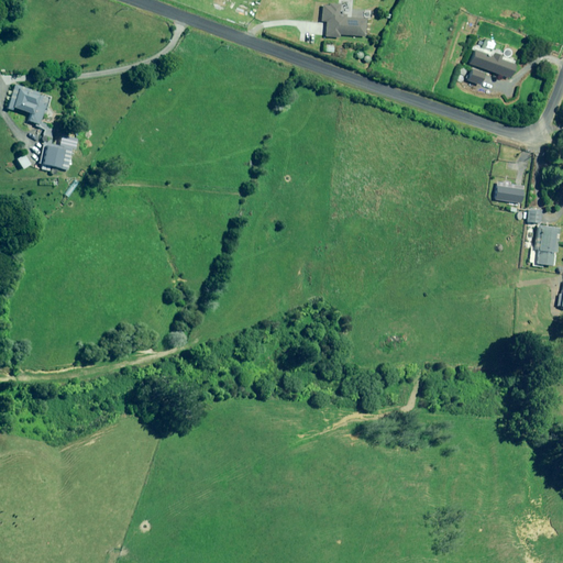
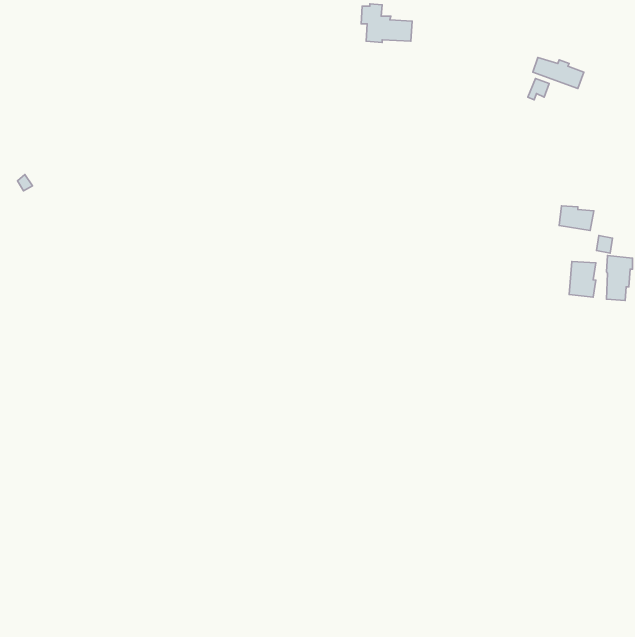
building: [8,84,71,170] -> none
building: none -> [569,262,596,297]

